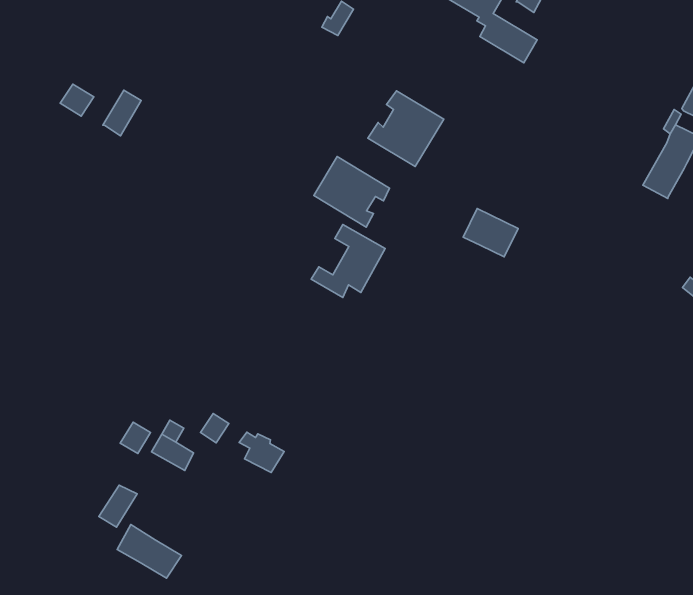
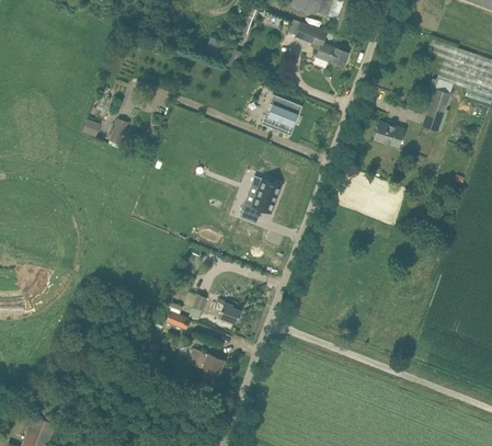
building: [314,157,390,227] -> none
building: [463,209,518,257] -> [374,121,404,146]
building: [117,525,182,578] -> [187,346,225,374]

